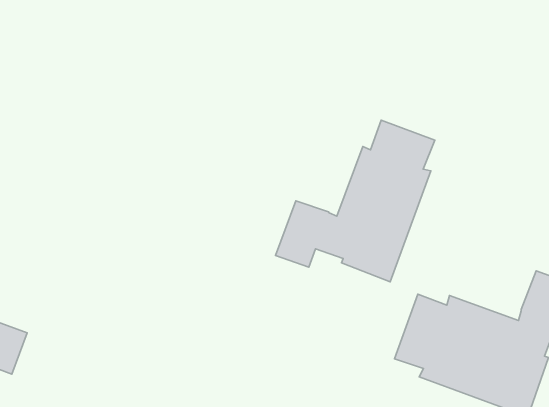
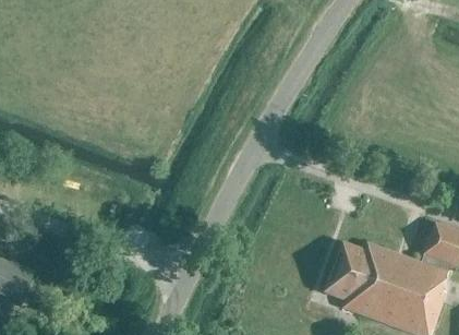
building: [275,120,435,282] -> none

